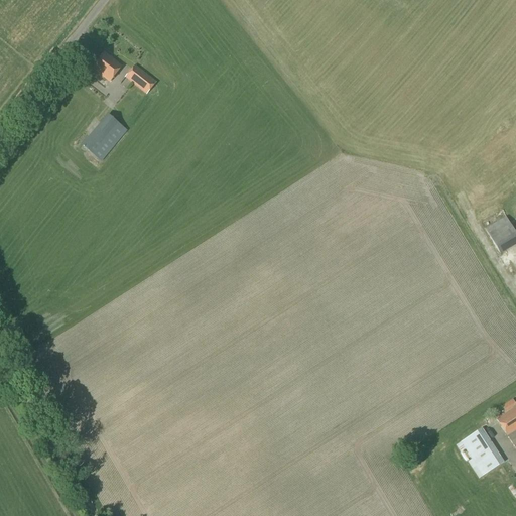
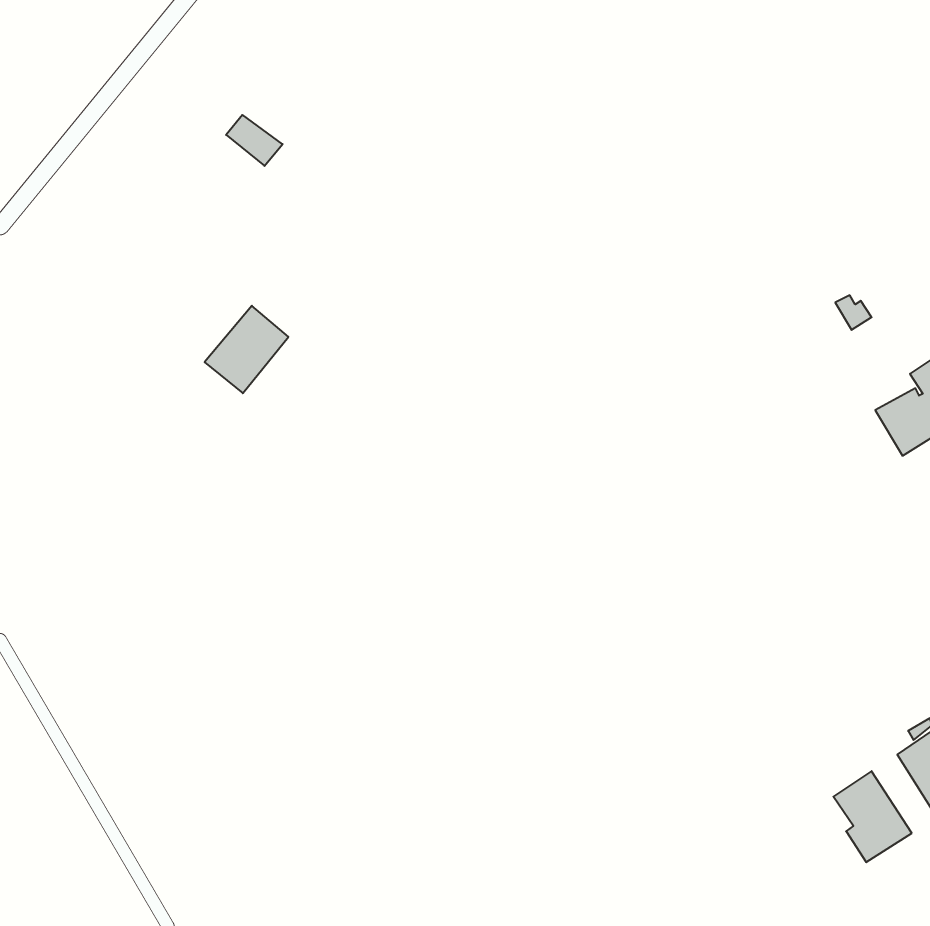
building: [93,50,123,80] -> none
building: [82,112,128,160] -> [205,306,288,393]

